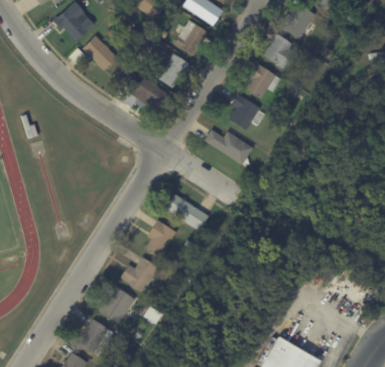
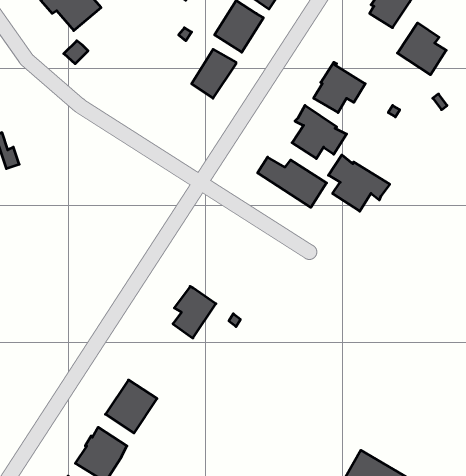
building: [263,34,297,71] -> [397,23,446,75]
building: [83,36,117,71] -> none
building: [127,73,168,107] -> none
building: none -> [328,155,390,211]
building: [164,194,209,232] -> none
building: [120,257,159,293] -> none

